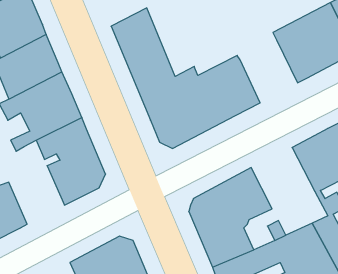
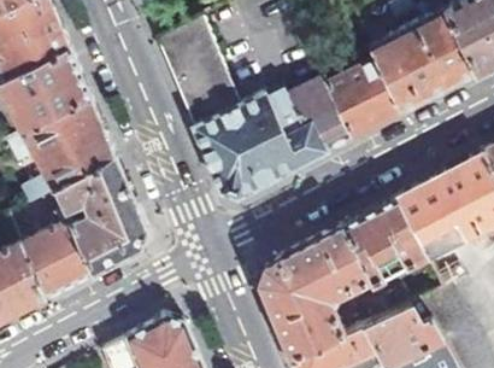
building: none -> [327,58,402,141]
building: none -> [22,191,95,302]
building: none -> [341,200,425,286]

